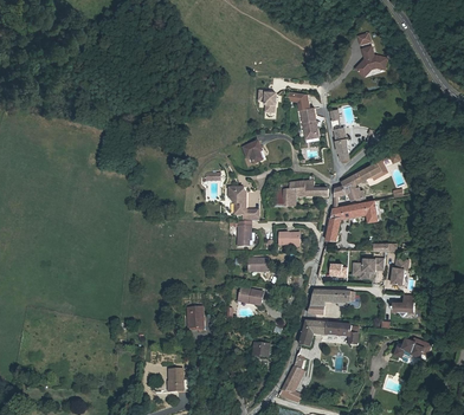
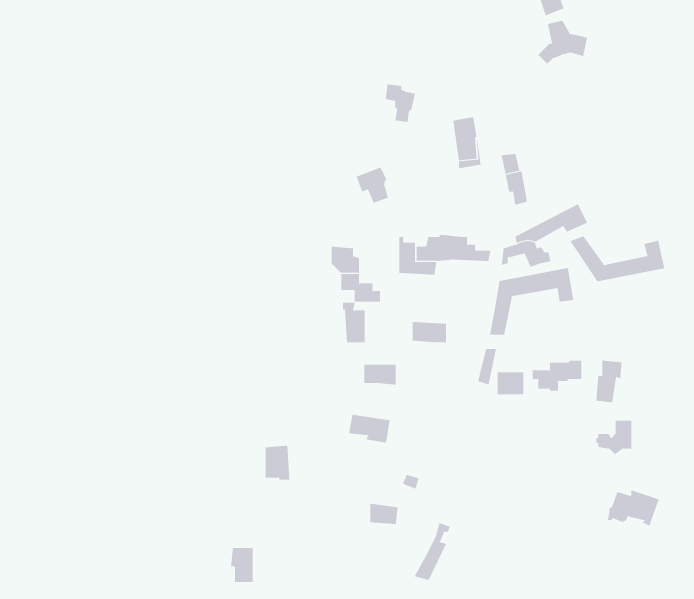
building: none -> [570,235,665,282]
building: [307,291,353,316] -> none
building: [298,322,356,346] -> none

